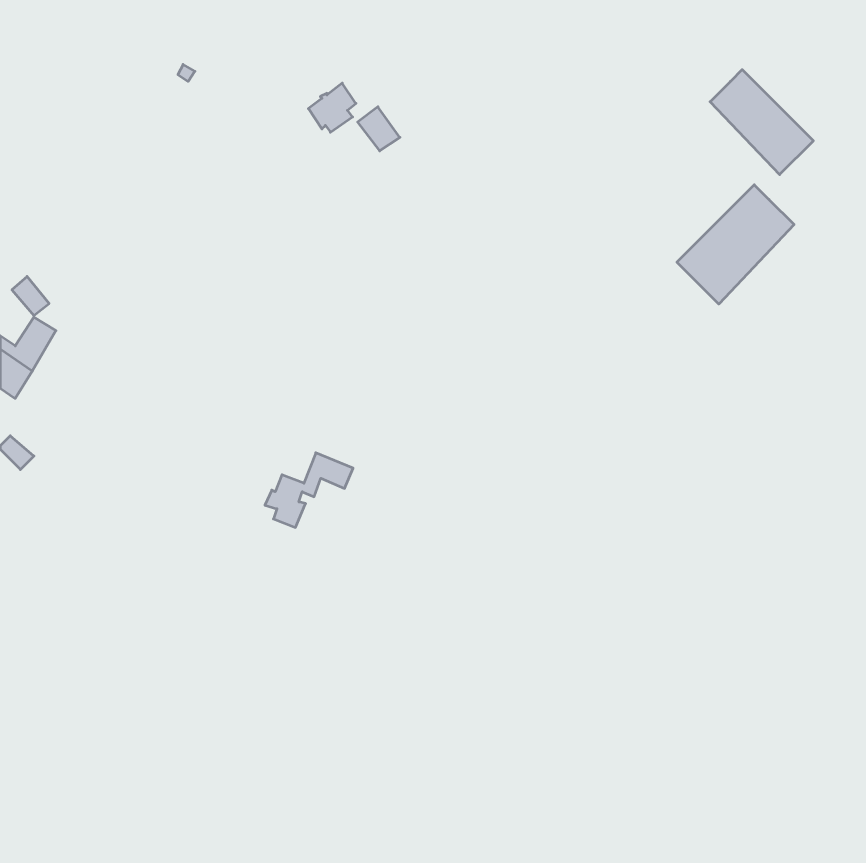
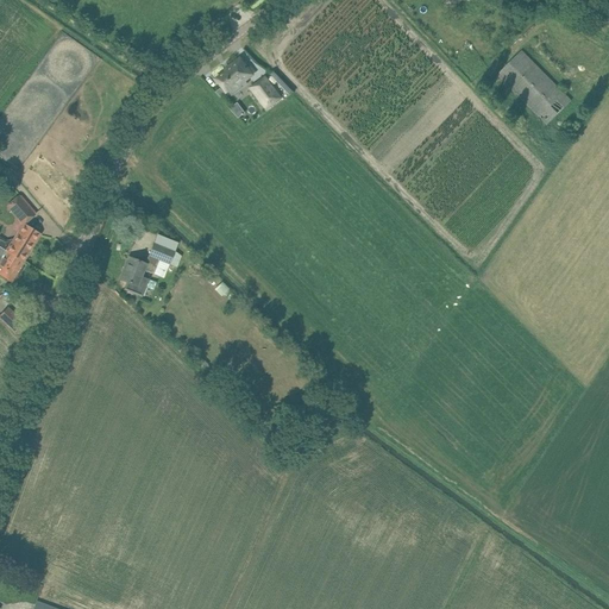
building: [677,185,794,304] -> none
building: [265,453,353,527] -> [119,240,181,293]

